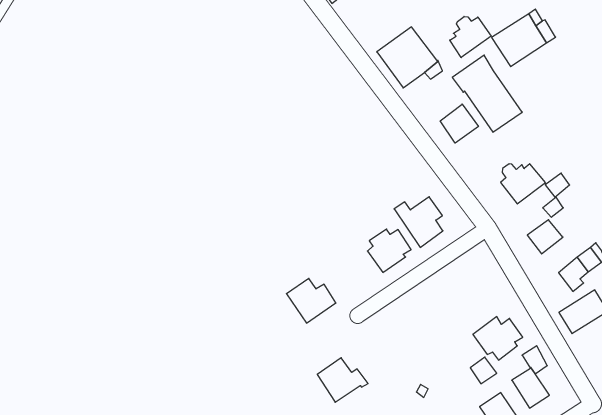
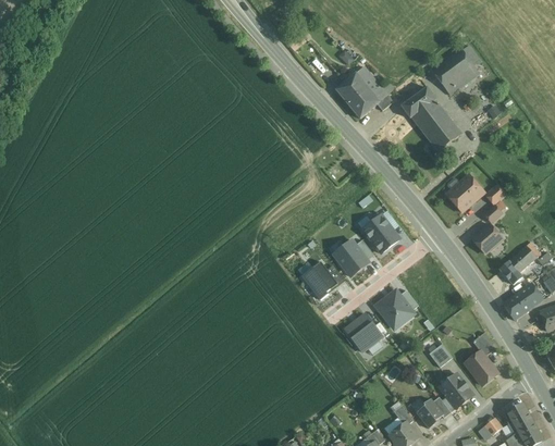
building: [450,16,491,58] -> none
building: [440,104,478,143] -> none
building: [286,278,336,323] -> [301,261,344,299]
building: [473,317,523,360] -> [375,289,418,326]
building: [317,358,368,402] -> [345,313,388,351]

